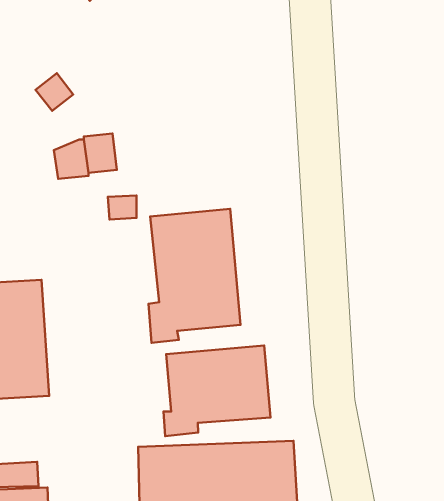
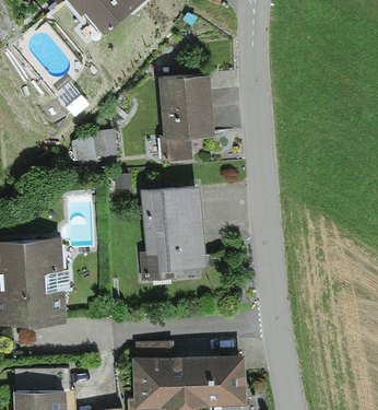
building: none -> [158,73,215,163]
building: [164,345,270,436] -> none

